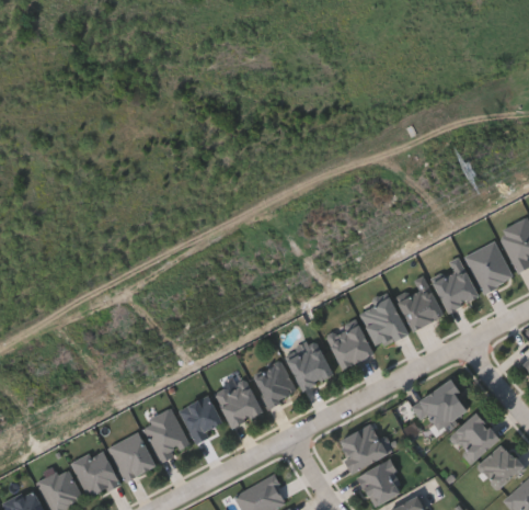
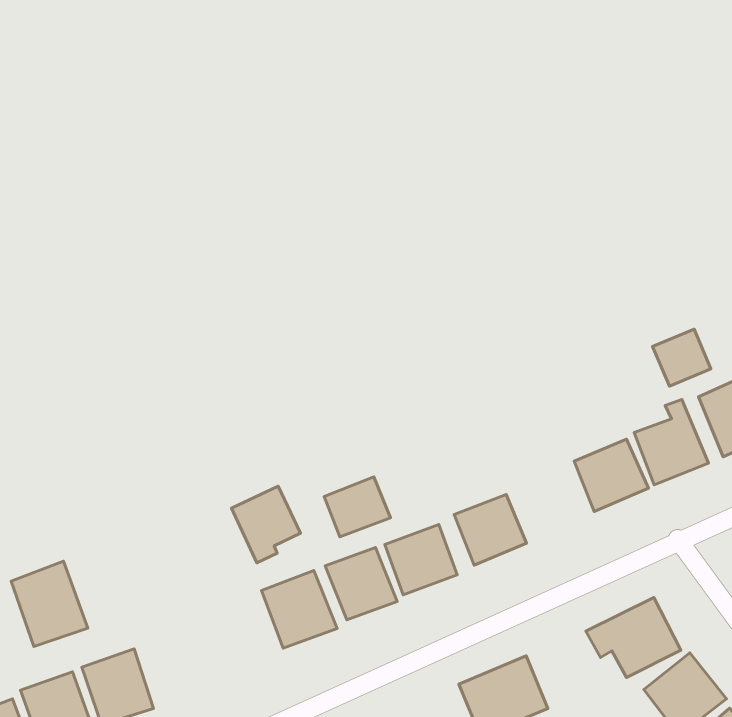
building: none -> [653,329,711,386]
building: [359,298,406,348] -> none
building: none -> [324,477,390,537]
building: [180,396,222,443] -> [231,486,301,563]
building: [142,409,191,462] -> [11,561,88,646]

